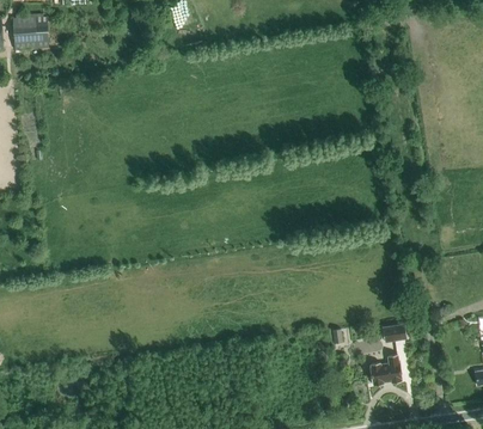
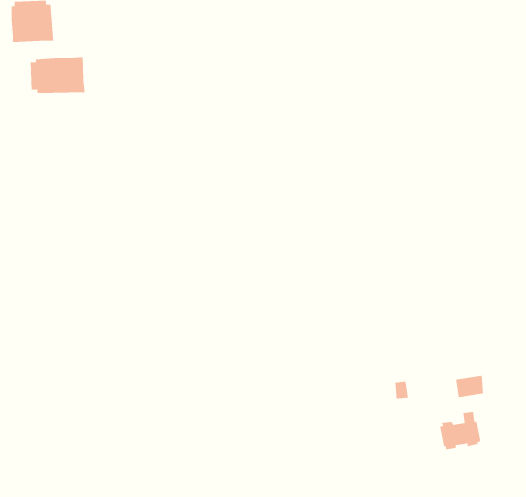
building: none -> [30,57,86,94]

